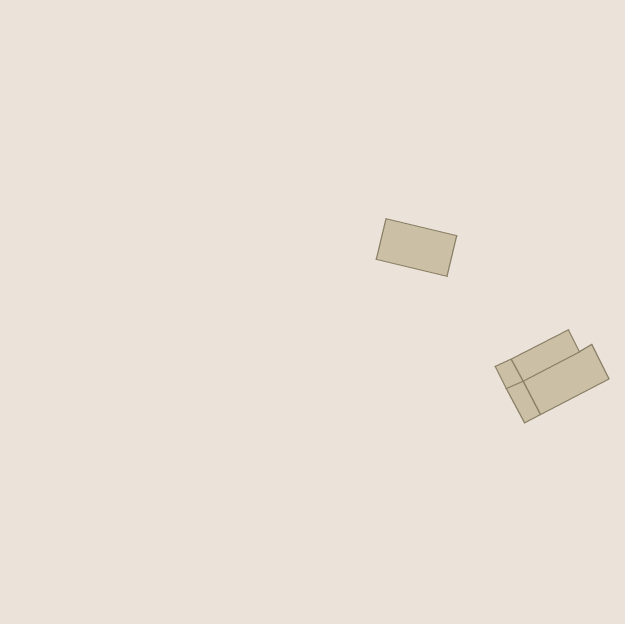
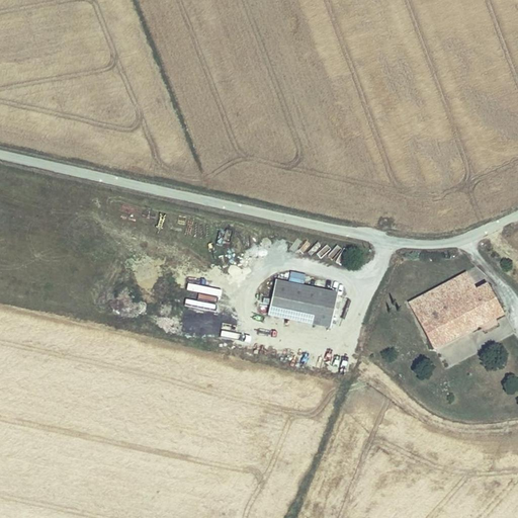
building: [376,219,457,276] -> [269,276,336,324]

